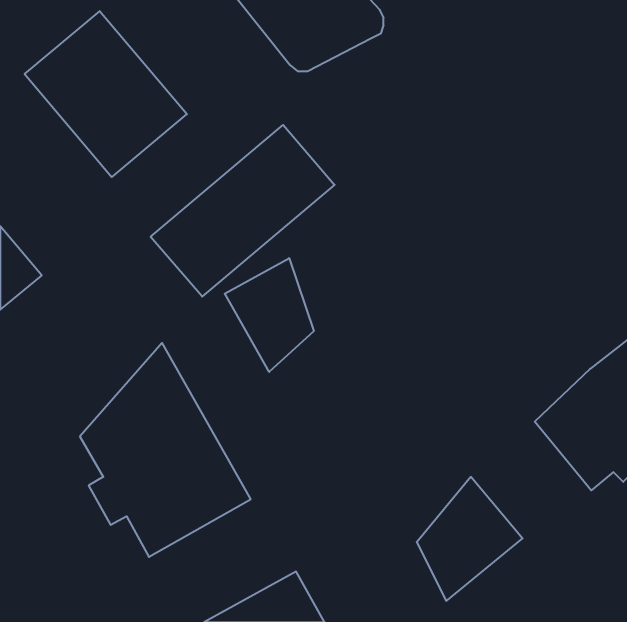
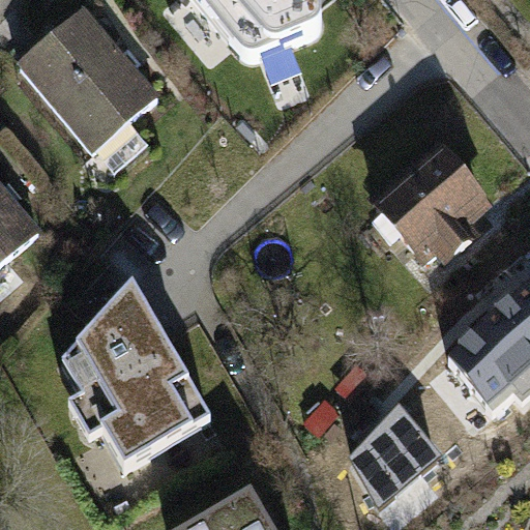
building: [151,125,335,297] -> none
building: none -> [365,135,496,264]
building: [225,258,314,372] -> none

